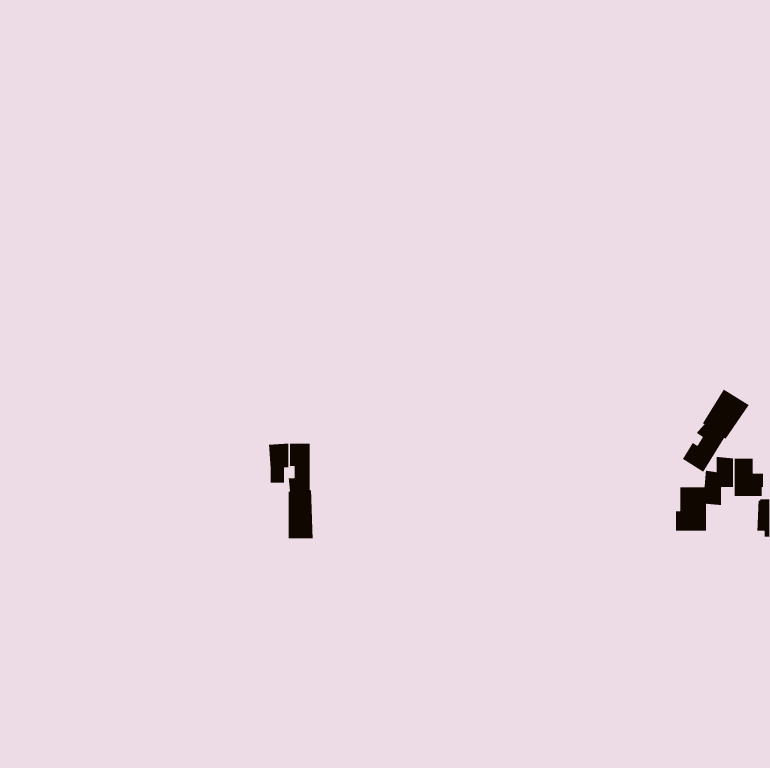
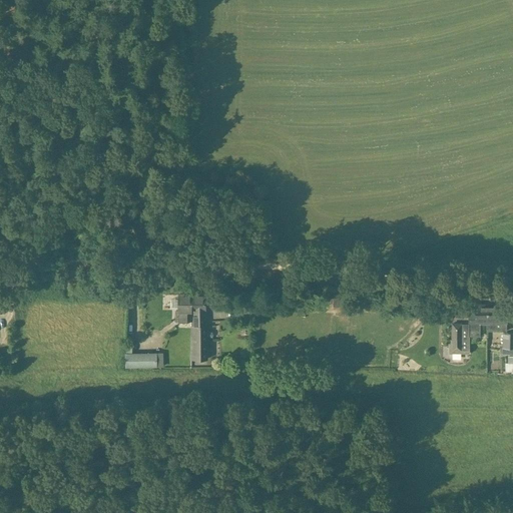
building: [682,389,750,473] -> none
building: none -> [125,338,157,369]

